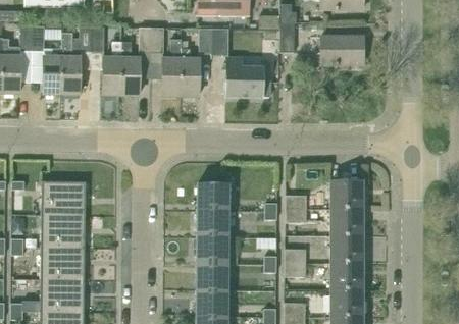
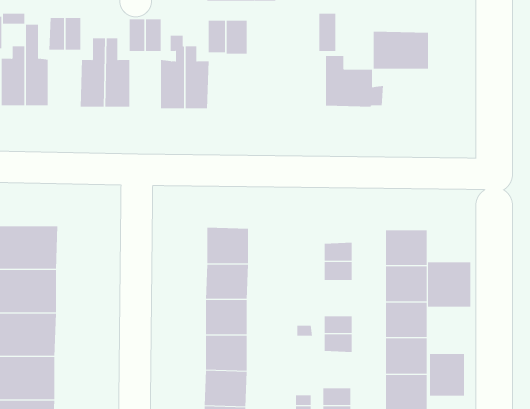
building: [226,57,270,96] -> [325,56,384,107]
building: none -> [427,261,471,307]
building: none -> [429,353,464,396]

